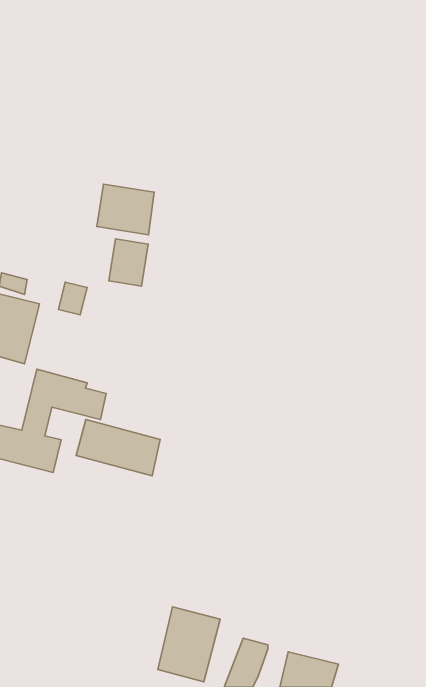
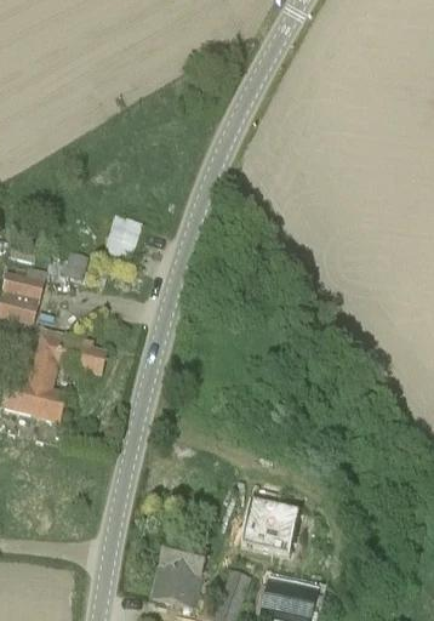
building: [97,184,154,235] -> none
building: [76,420,160,476] -> none
building: none -> [238,489,298,557]

